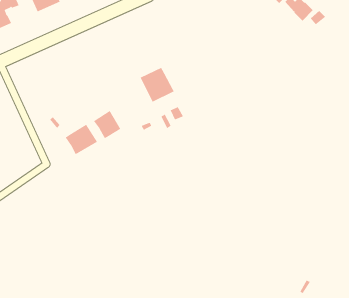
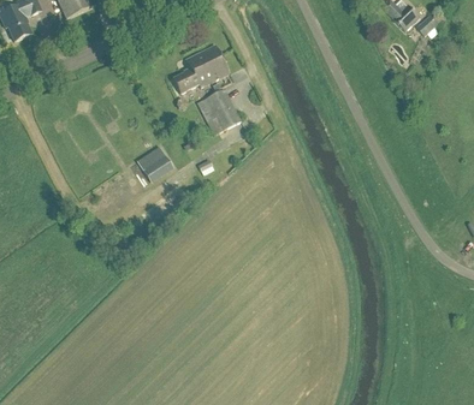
building: none -> [171,44,229,91]
building: [65,124,98,155] -> none

